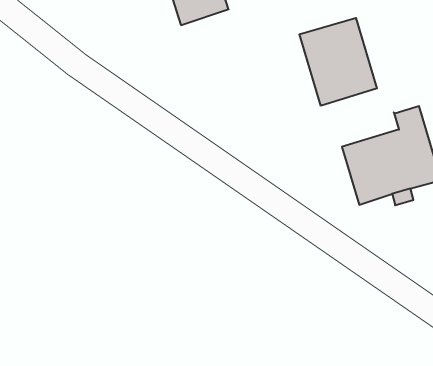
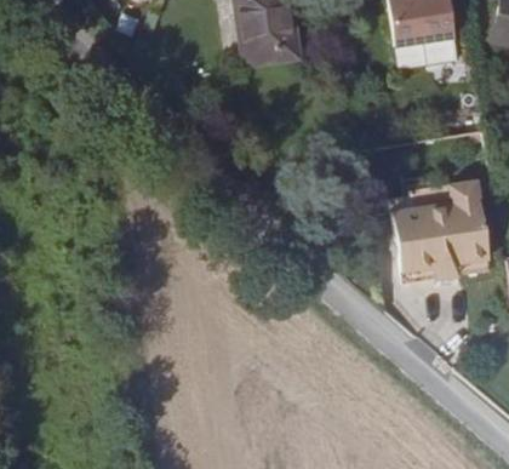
building: [299,18,377,106] -> none

